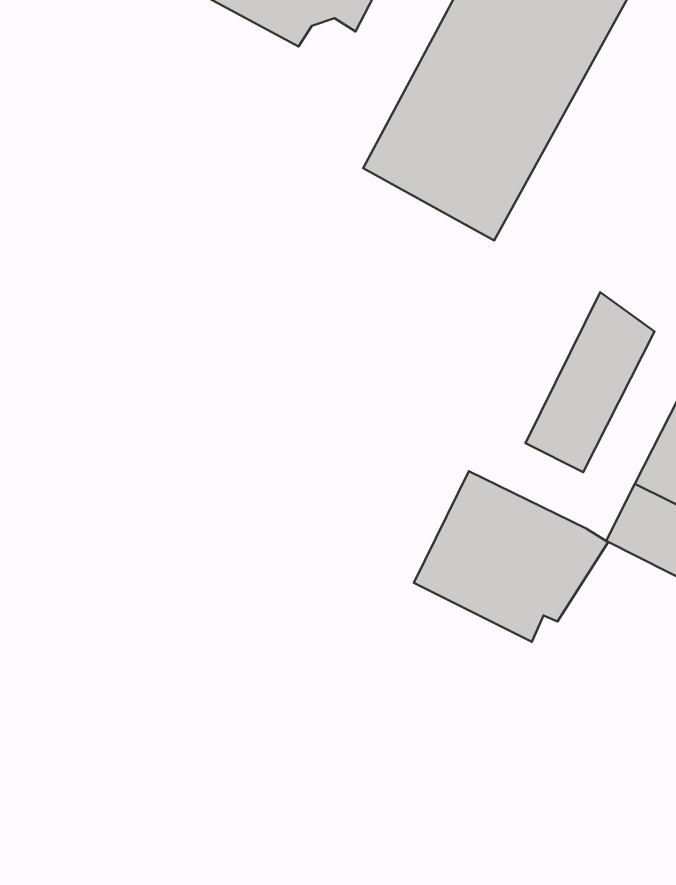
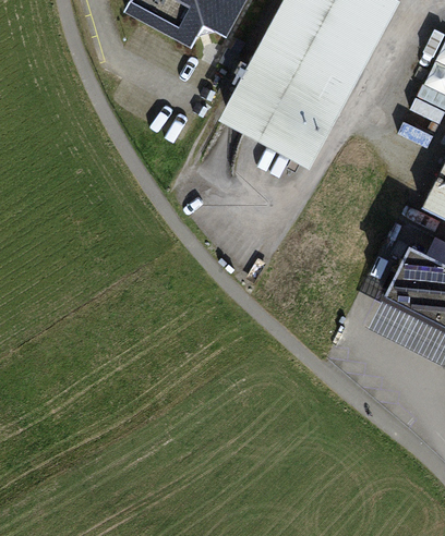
building: [526,292,654,472] -> none
building: [414,471,608,642] -> none

